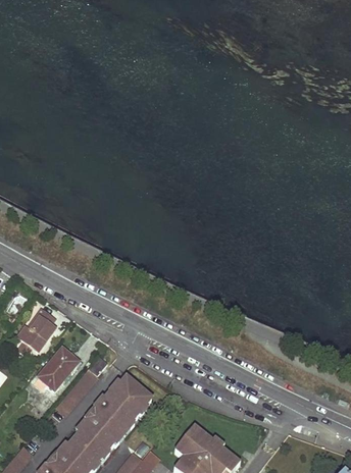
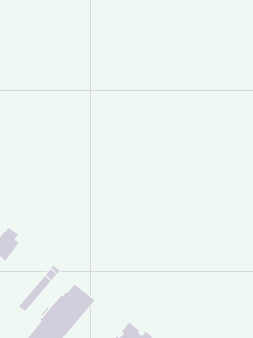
building: [38,348,78,390] -> none

